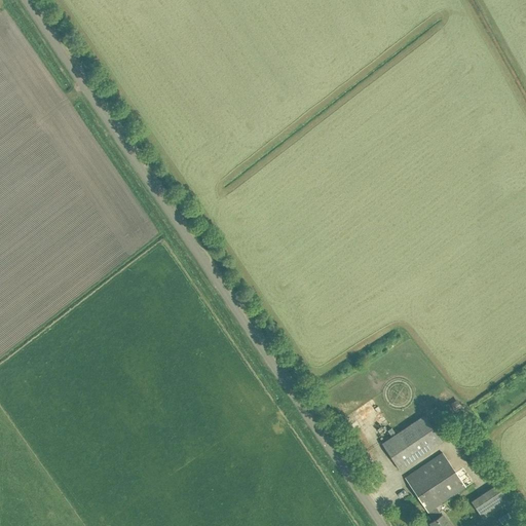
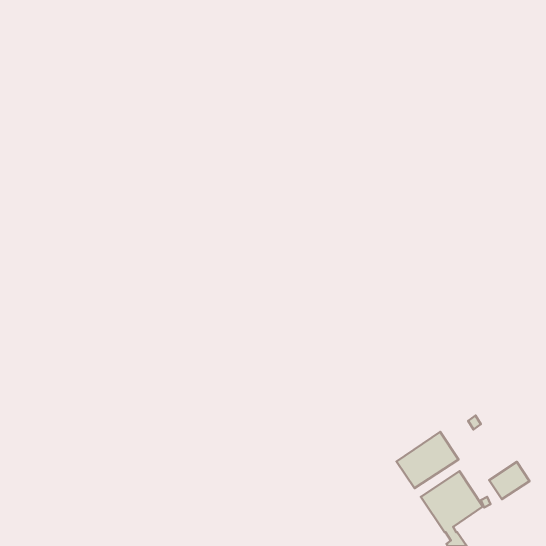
building: [471,484,510,520] -> [489,462,530,499]

